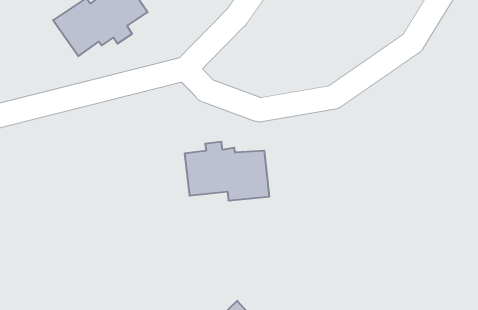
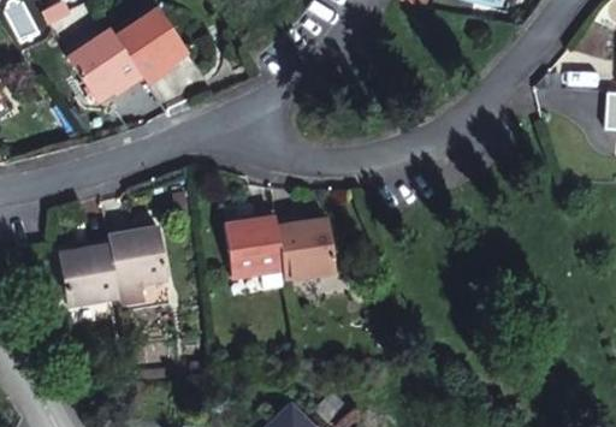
building: none -> [61,227,171,308]

